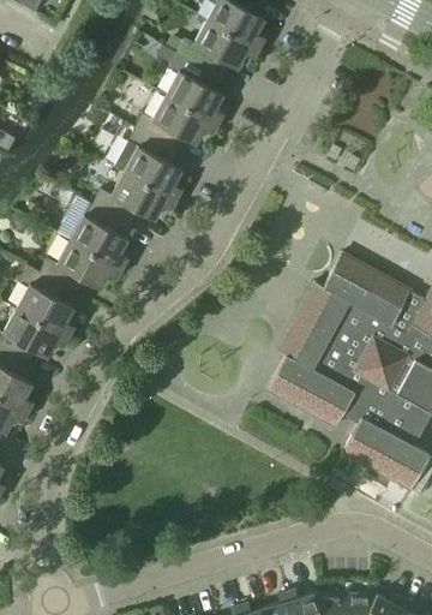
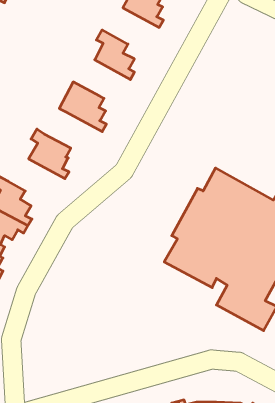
building: [176,19,259,77] -> none
building: [134,95,217,148] -> none
building: [92,171,176,223] -> none
building: [40,239,122,293] -> none

